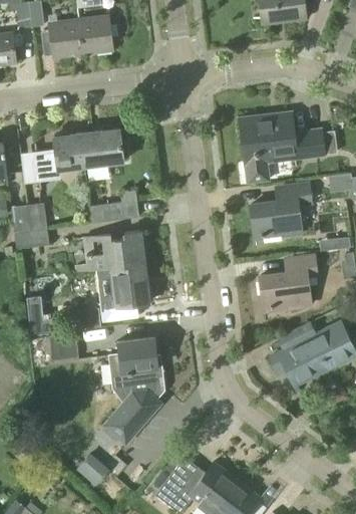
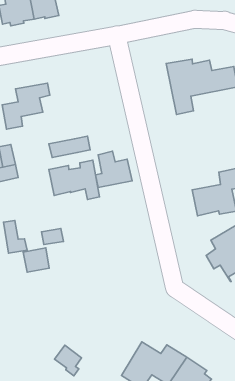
building: [82,127,124,167] -> none
building: [251,181,313,243] -> none
building: [106,264,150,307] -> [95,151,132,188]
building: [104,336,164,444] -> none

